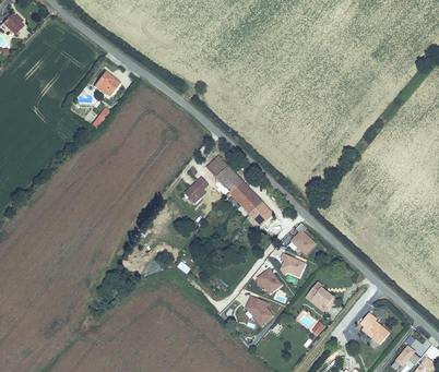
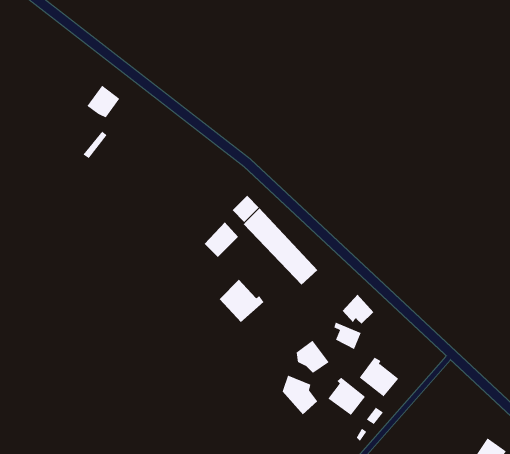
building: none -> [219,279,264,323]
building: none -> [328,377,366,416]
building: [360,312,390,345] -> none

